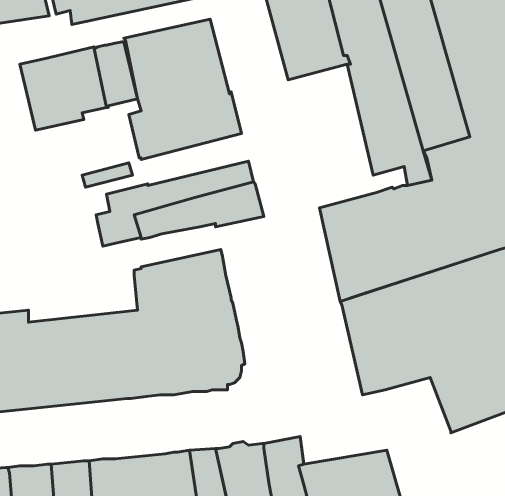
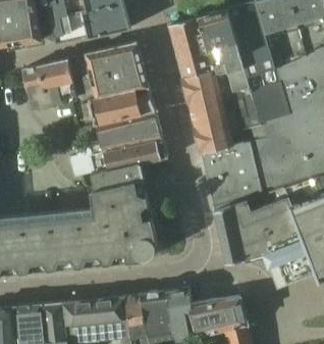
building: none -> [182,67,234,152]
building: none -> [96,108,159,139]
building: none -> [93,161,143,187]

